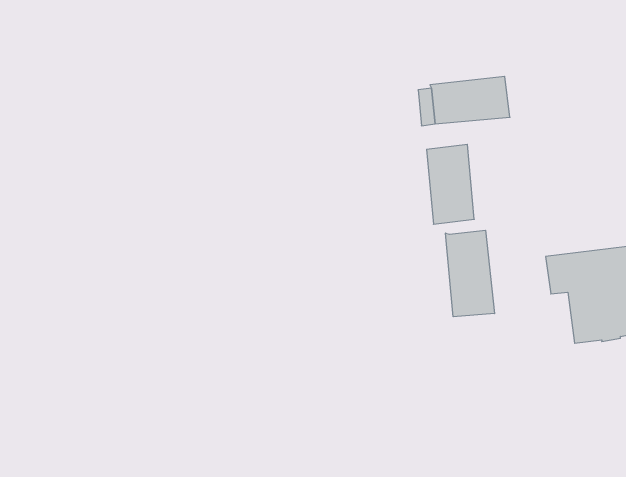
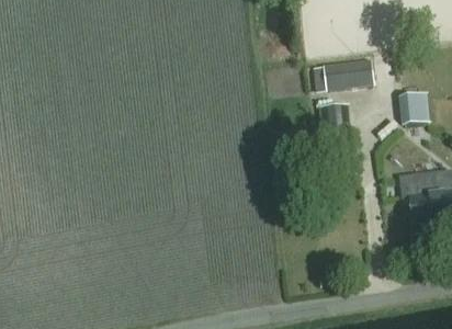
building: none -> [398,93,430,125]
building: [446,230,495,317] -> none

